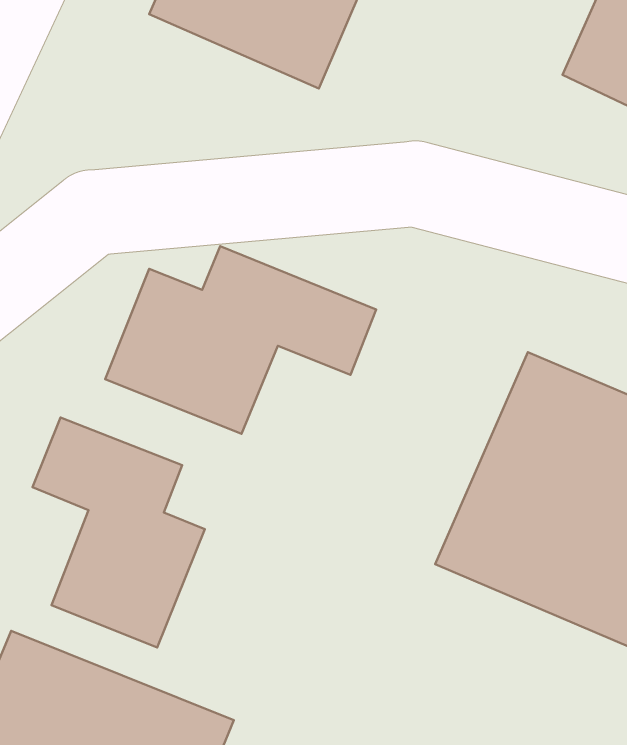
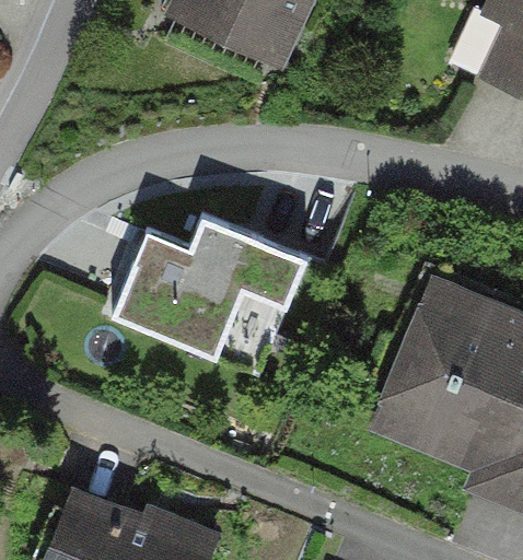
building: [32,418,205,647] -> none

